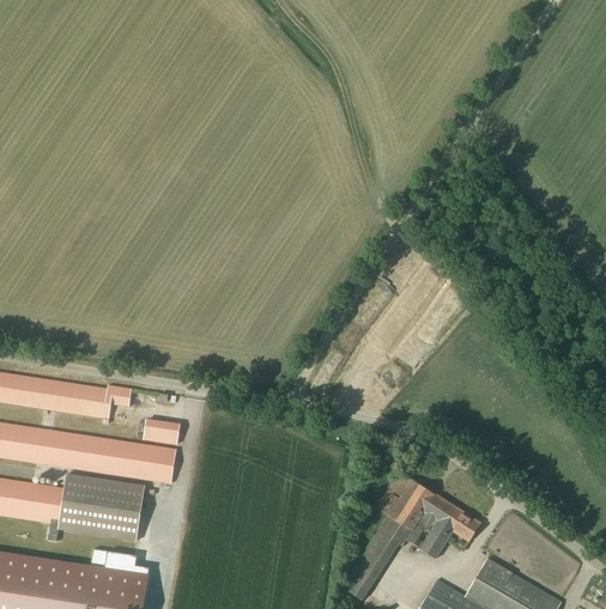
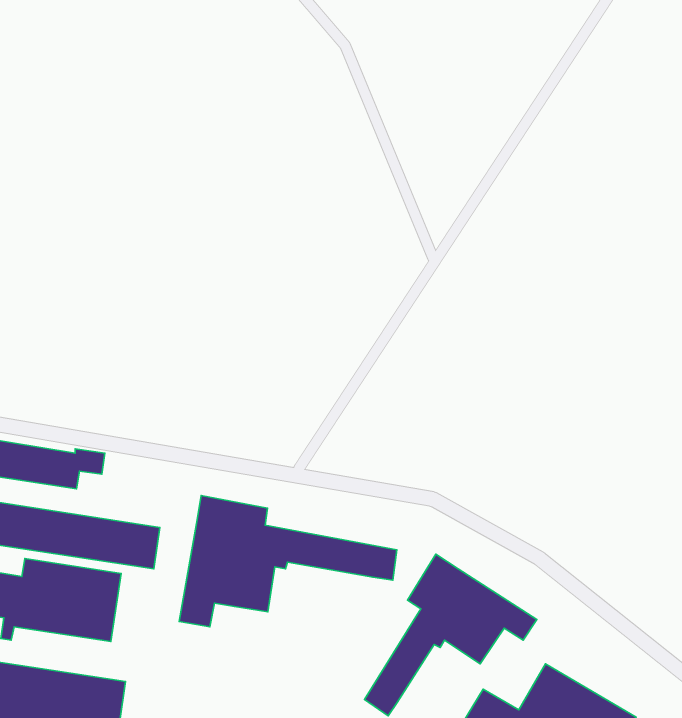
building: [144,419,181,444] -> none
building: none -> [179,495,397,627]

